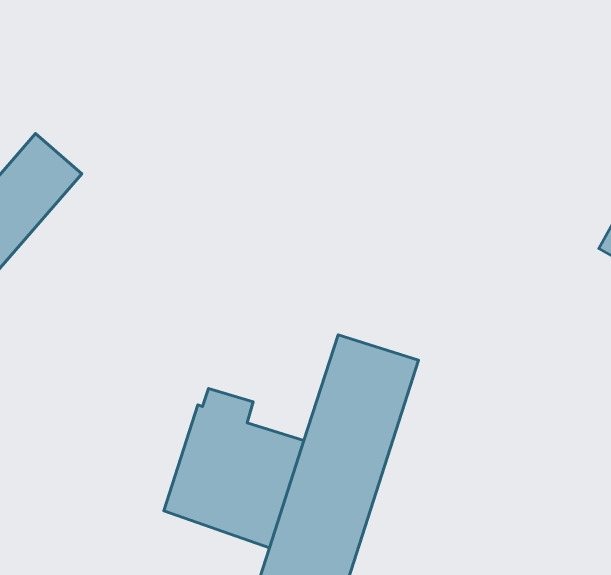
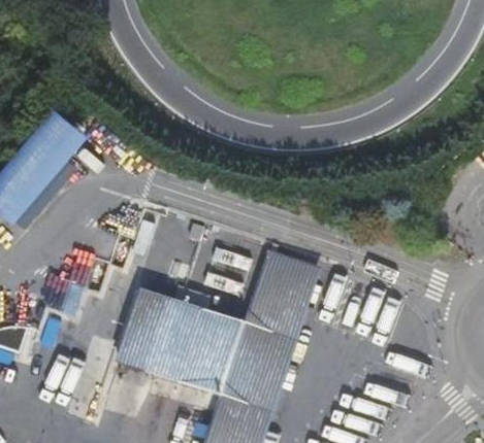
building: none -> [114,288,168,371]

